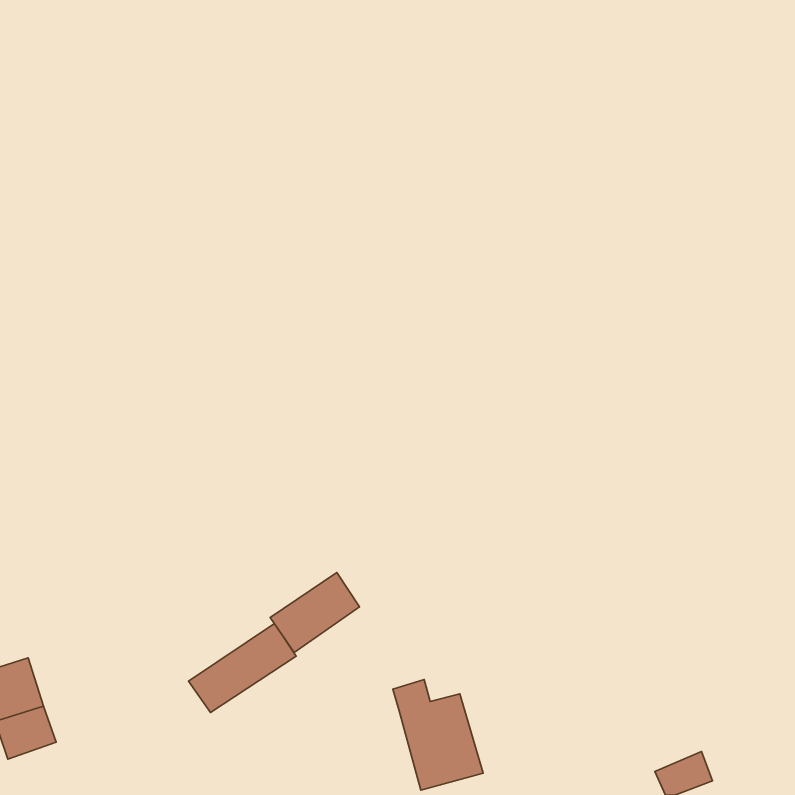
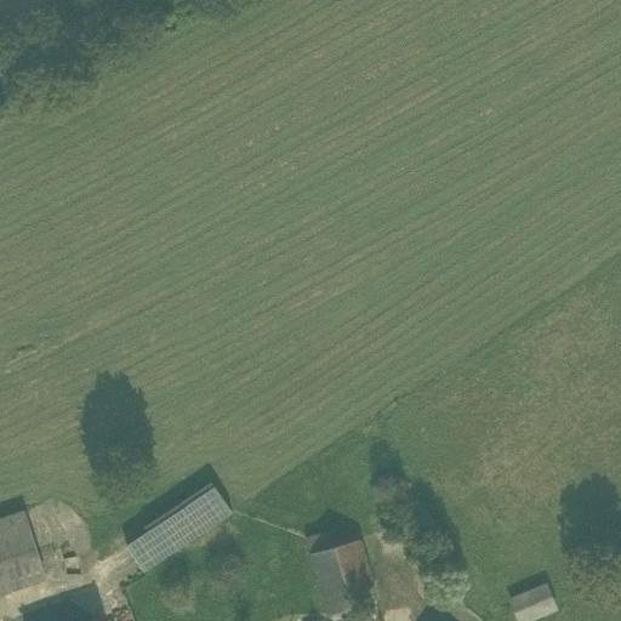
building: [270,572,359,653] -> none
building: none -> [125,530,164,569]

